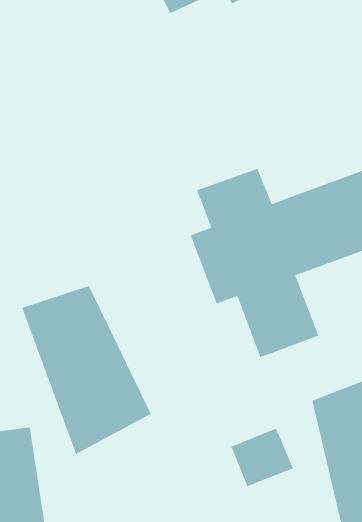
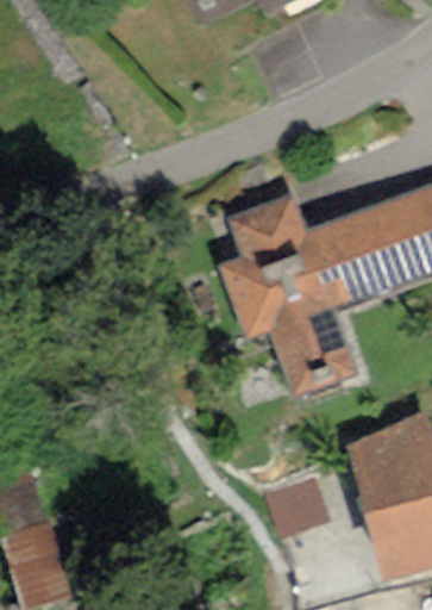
building: [21,285,151,455] -> none

